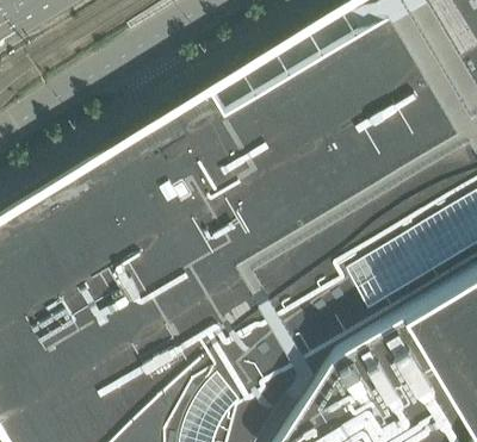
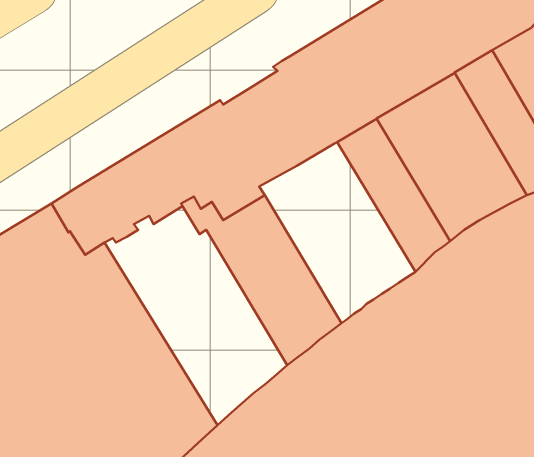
building: [236,136,370,291] -> none
building: [104,191,260,378] -> none

